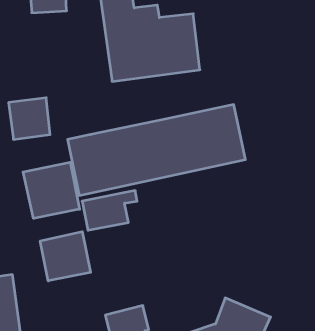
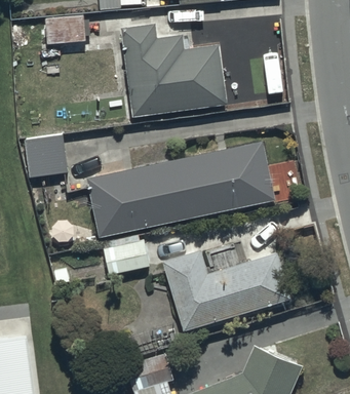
building: [23,162,80,218] -> none
building: none -> [162,250,290,330]
building: [40,232,91,281] -> none

